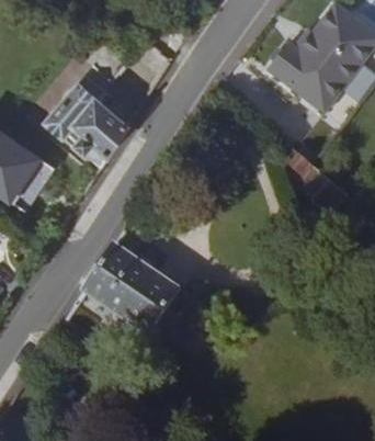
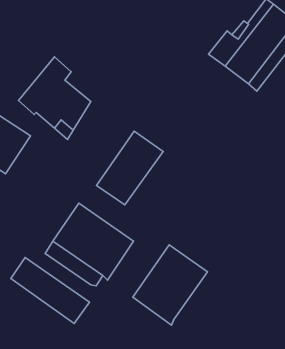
building: none -> [97,131,163,205]
building: none -> [133,245,207,325]
building: none -> [11,257,89,323]

